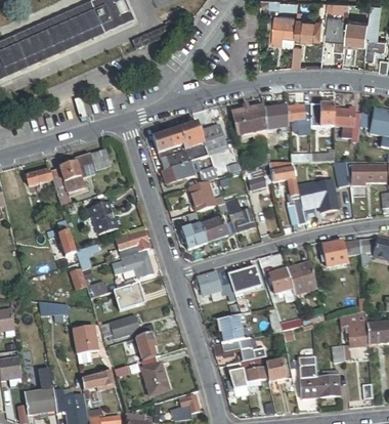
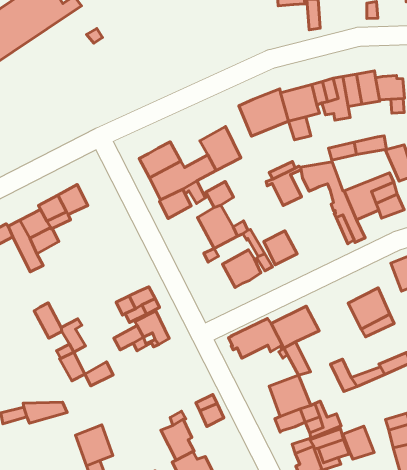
building: [178,123,204,150] -> none
building: [85,199,121,232] -> none
building: [181,222,207,250] -> none
building: [269,268,293,293] -> none
building: [115,282,147,309] -> none
building: [101,314,140,338] -> none

